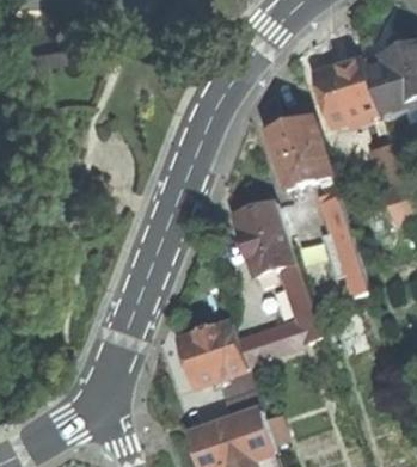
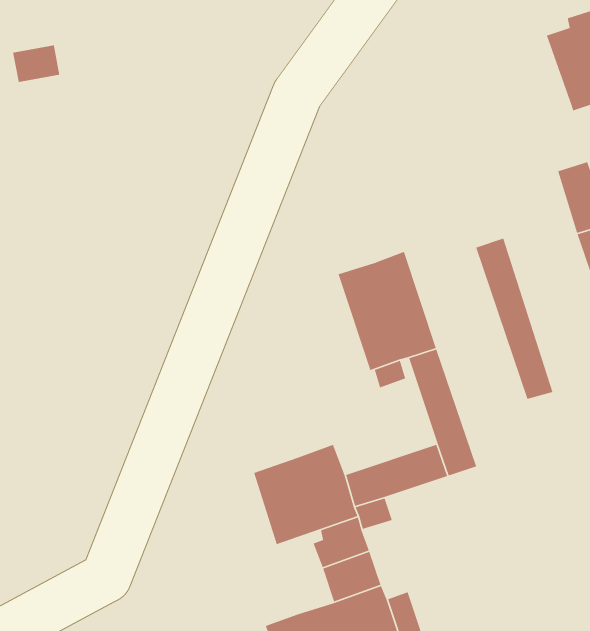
building: [312,59,378,125] -> none
building: [266,117,330,189] -> none

